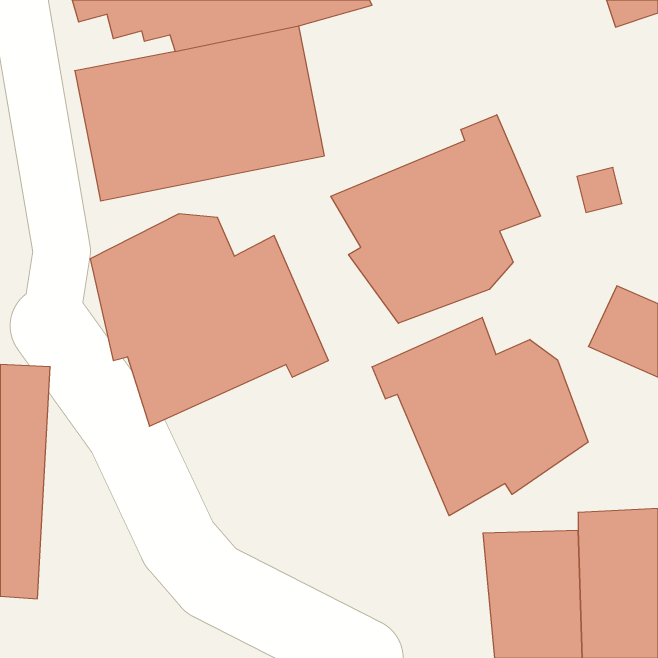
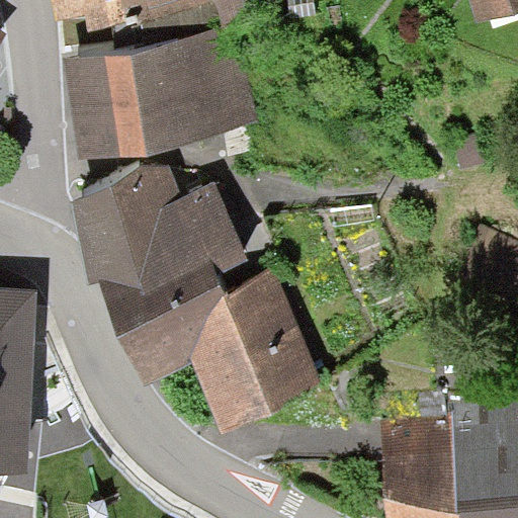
building: [331,115,541,323] -> none
building: [372,317,588,516] -> none
building: none -> [117,276,327,435]

